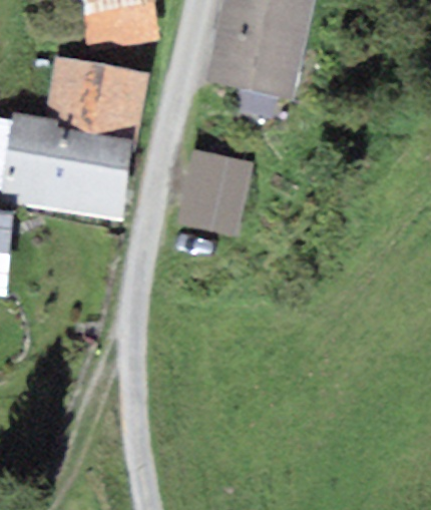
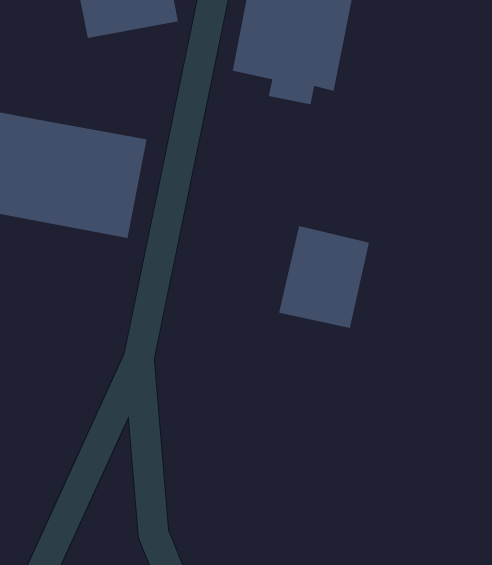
building: [44,55,149,137] -> none
building: [175,148,252,234] -> [278,225,370,329]

